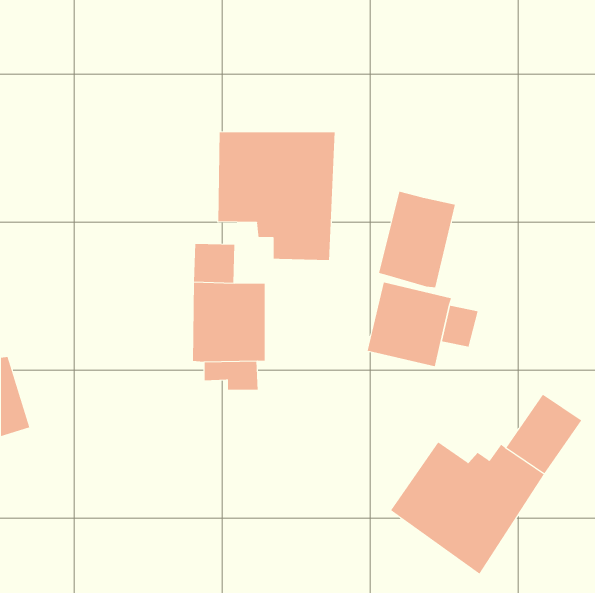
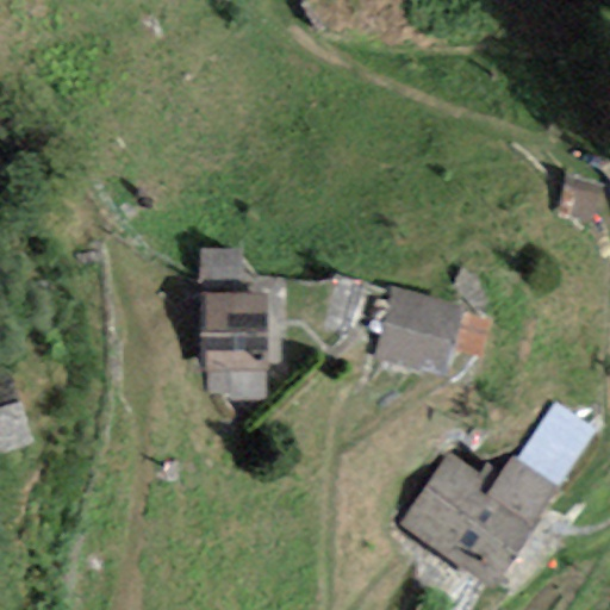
building: [218,132,335,261] -> none
building: [379,191,455,288] -> none

